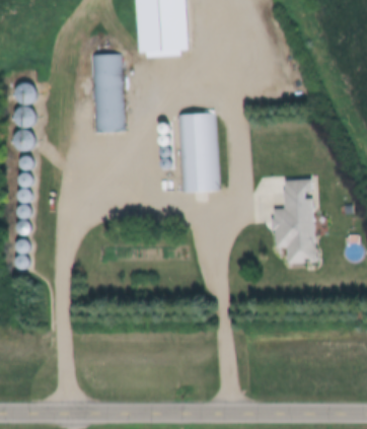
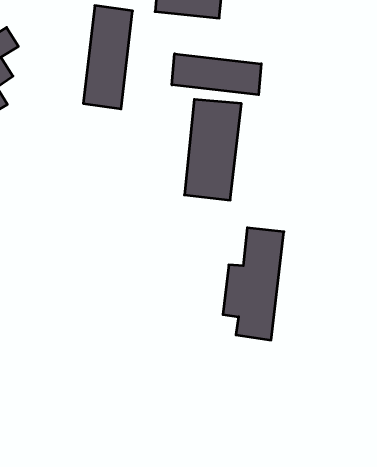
building: none -> [172,54,261,95]
building: [275,177,315,262] -> [223,228,284,340]

